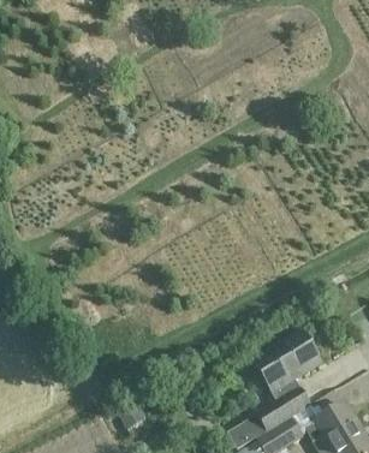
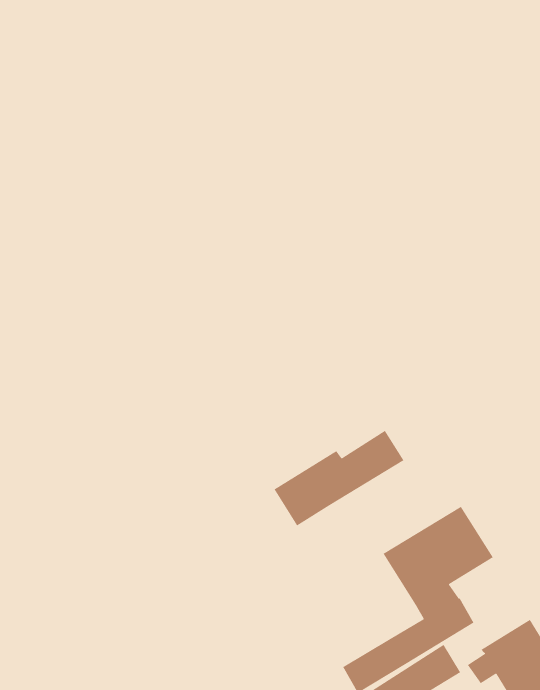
building: none -> [274,430,405,526]

